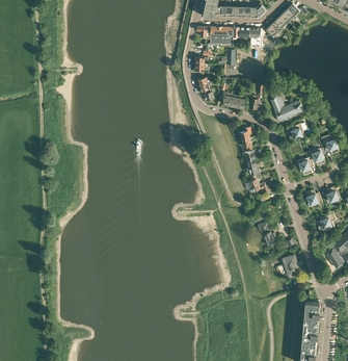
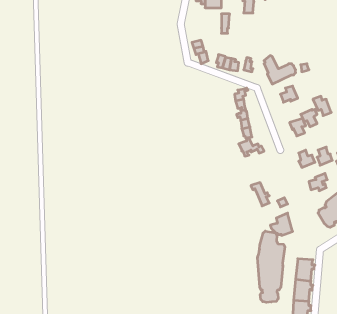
building: none -> [258,231,285,302]

